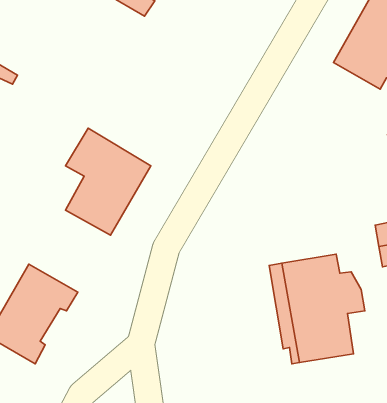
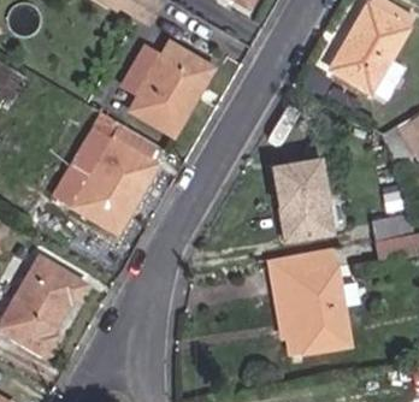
building: none -> [123,42,212,132]
building: none -> [273,159,353,238]

